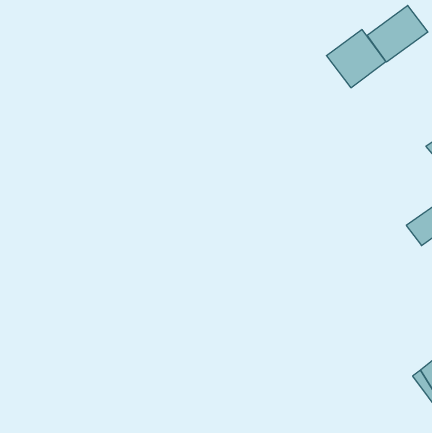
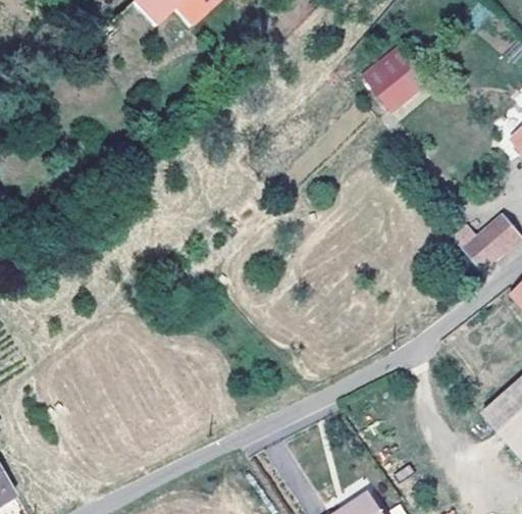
building: [367,5,428,62] -> none

